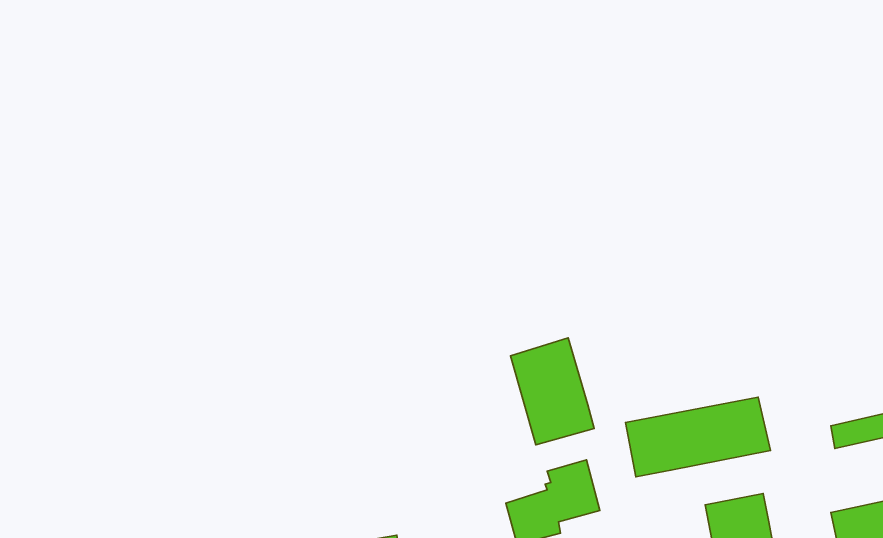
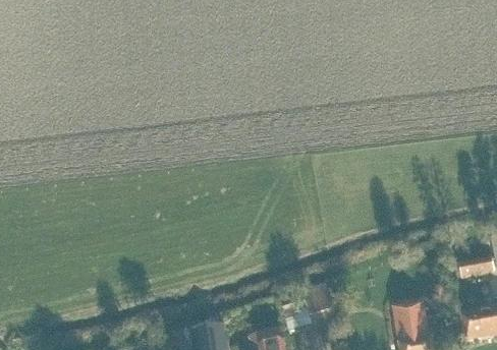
building: [511,338,594,445] -> none
building: [625,397,771,477] -> none

